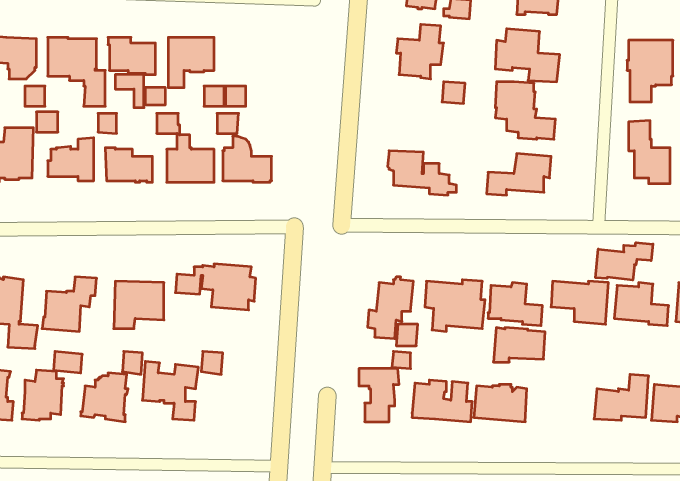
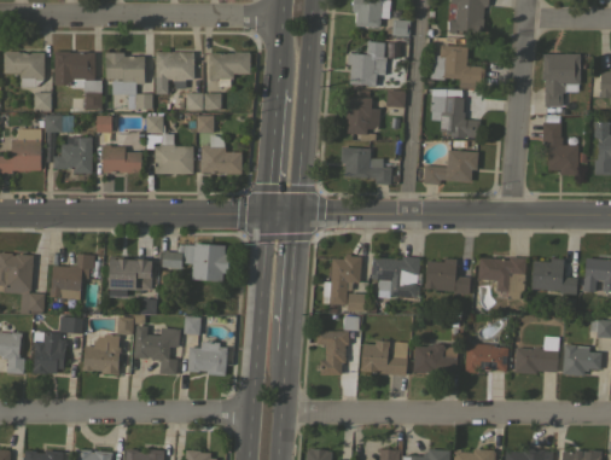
building: none -> [210,52,251,87]
building: none -> [344,95,380,141]
building: [596,243,653,280] -> none
building: [493,328,545,362] -> [465,344,508,373]
building: none -> [188,342,228,375]

